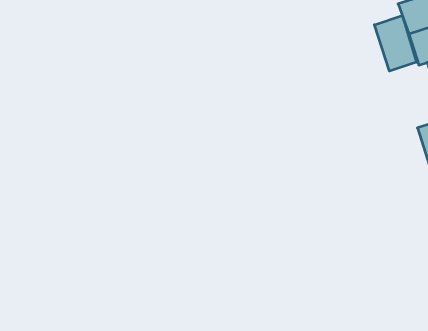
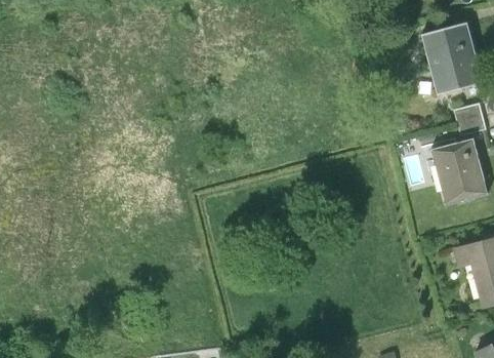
building: [374,15,416,71] -> none

